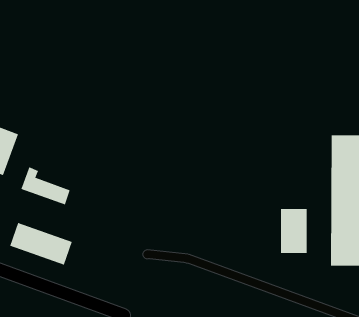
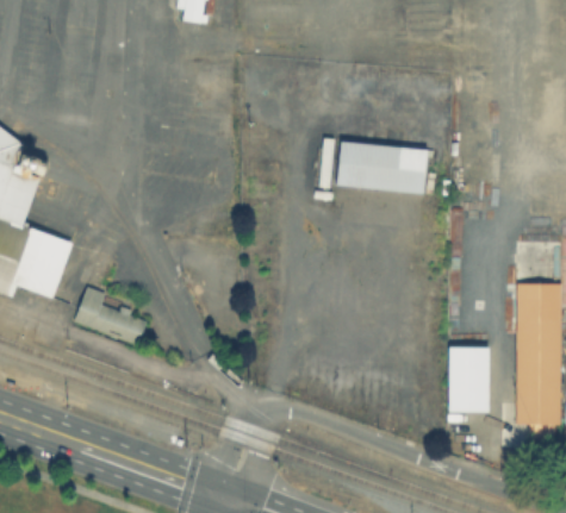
building: none -> [335,142,424,190]
building: [10,222,72,265] -> none

